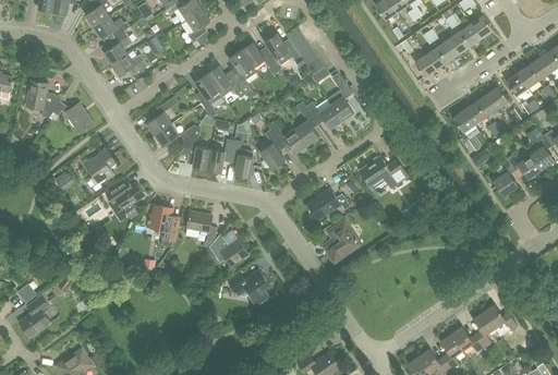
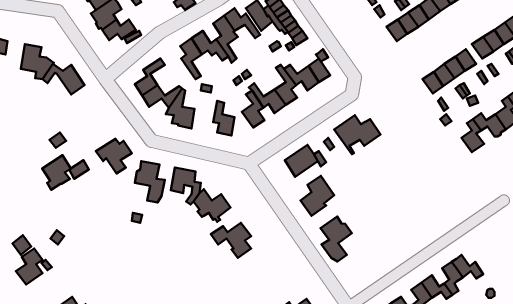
building: [206,138,233,171] -> none
building: [84,148,114,185] -> [42,155,71,190]
building: none -> [320,217,352,262]

